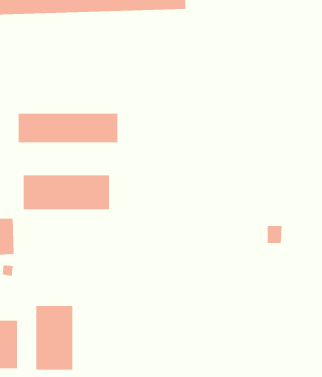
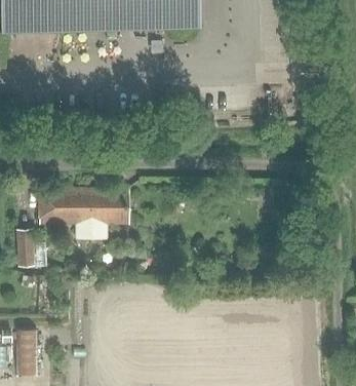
building: [18,113,118,143] -> none
building: [36,305,73,371] -> none

